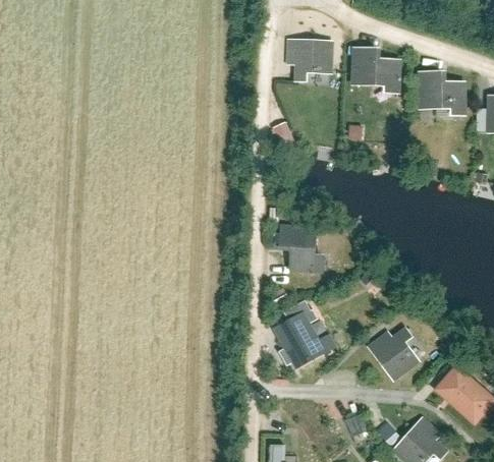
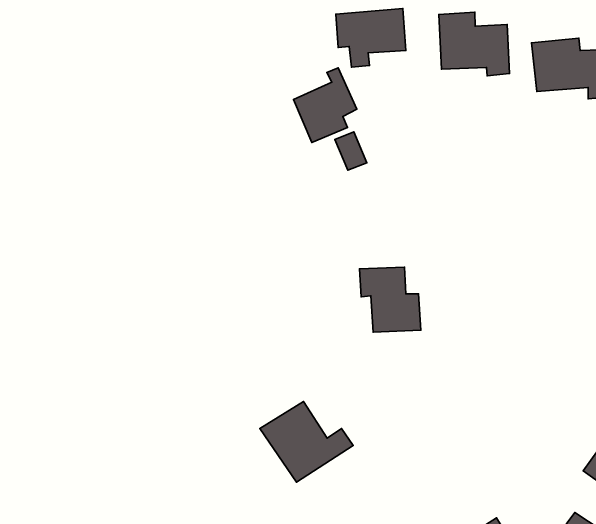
building: none -> [294,68,357,143]
building: [270,308,336,366] -> [260,401,353,482]
building: [365,325,420,383] -> none

